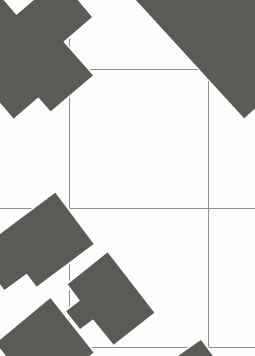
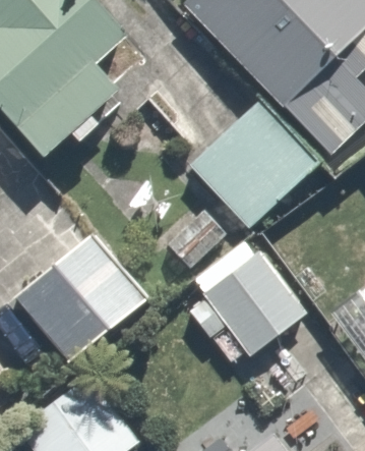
building: none -> [190,101,314,224]
building: [65,251,156,346] -> [190,240,302,357]

